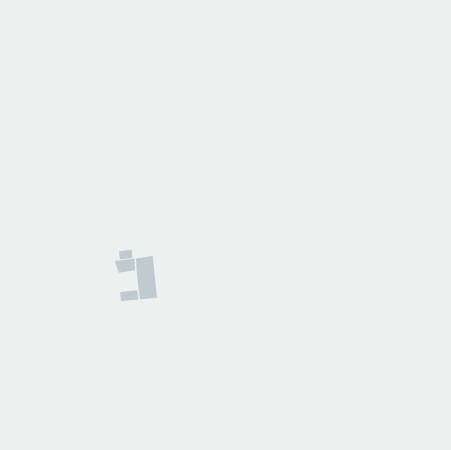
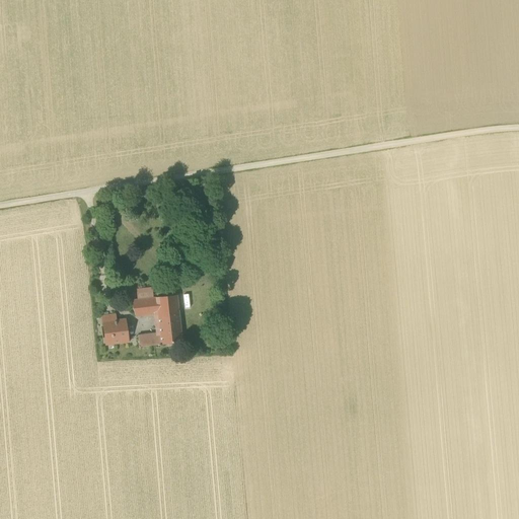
building: none -> [101,313,129,344]

